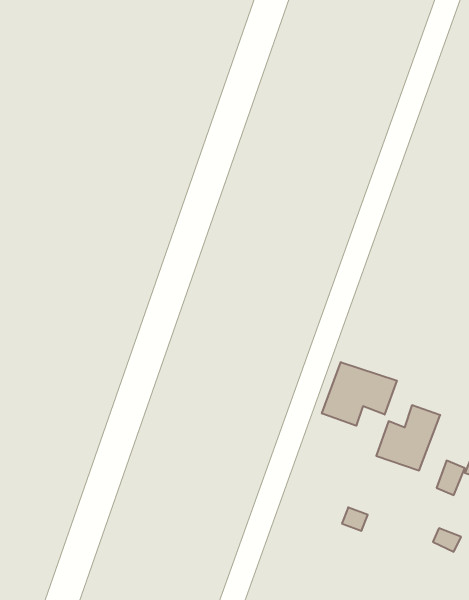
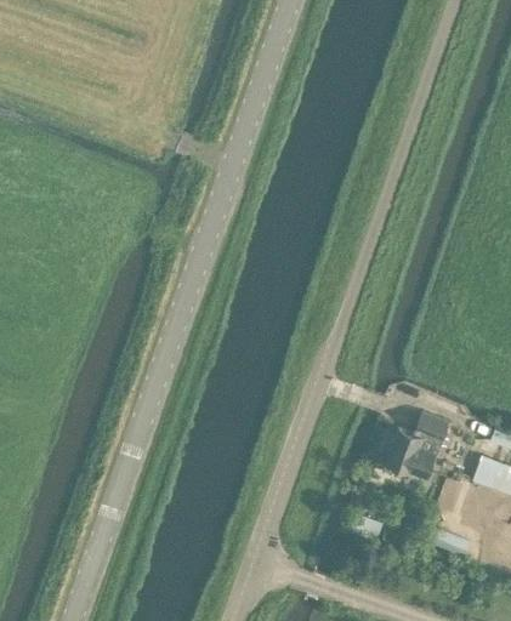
building: [322,362,397,426] -> none

